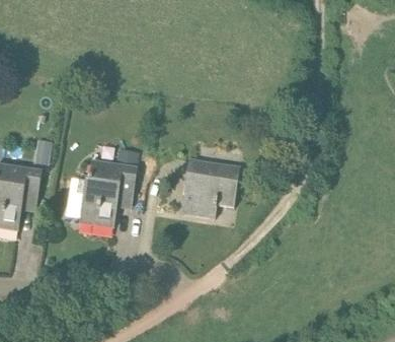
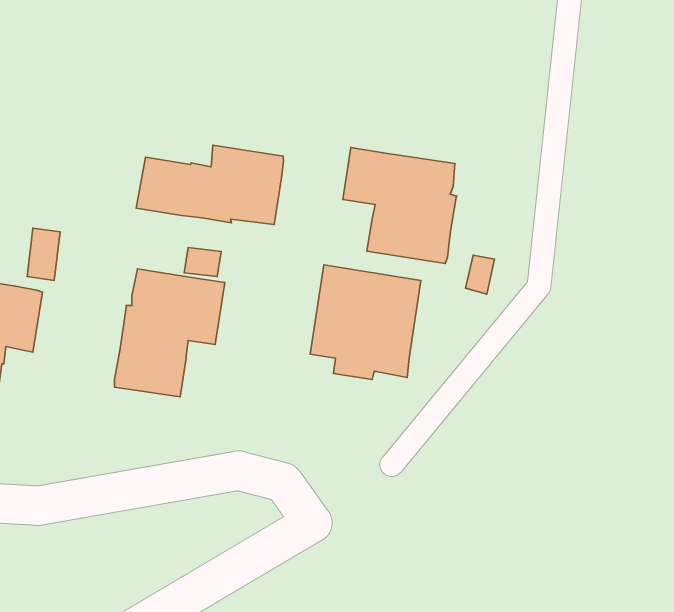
building: none -> [136,145,284,225]
building: none -> [343,148,457,264]

